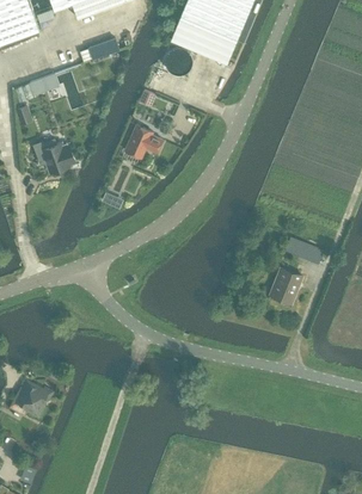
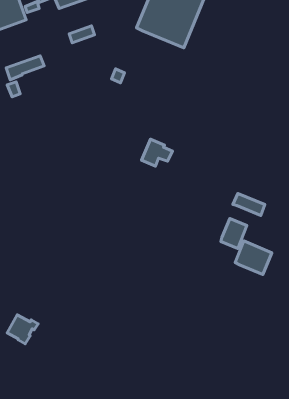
building: [124,125,161,158] -> [142,139,173,166]
building: [36,138,74,173] -> none
building: none -> [235,241,272,274]

